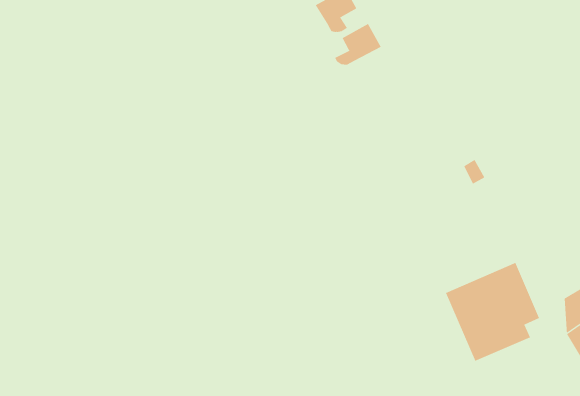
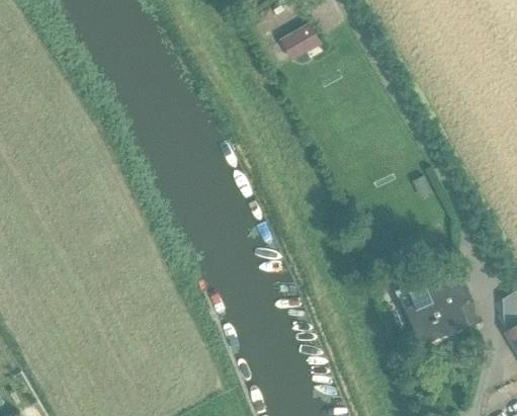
building: [335,23,382,65] -> none

